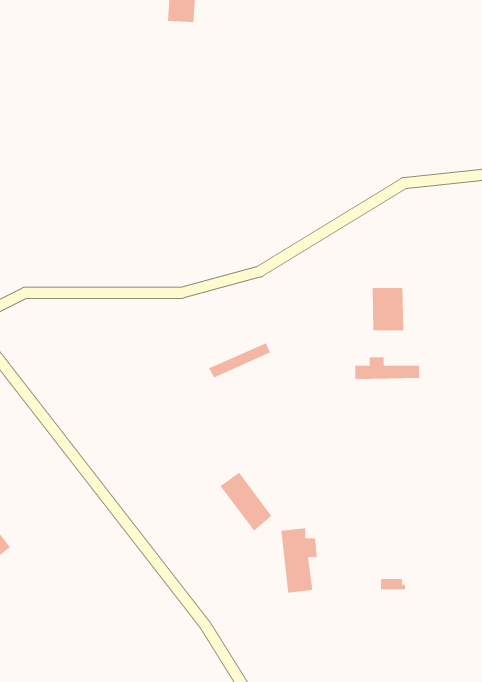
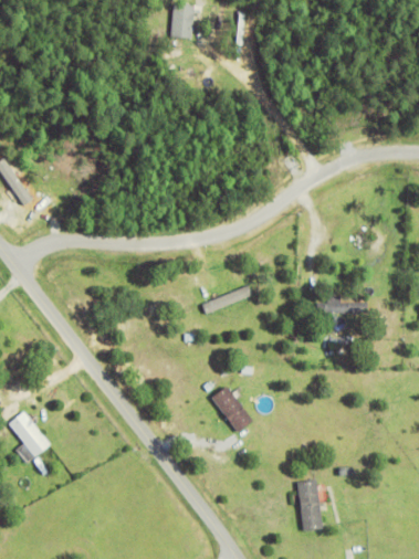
building: [372,287,404,331] -> none
building: [280,528,317,593] -> [297,481,326,531]

